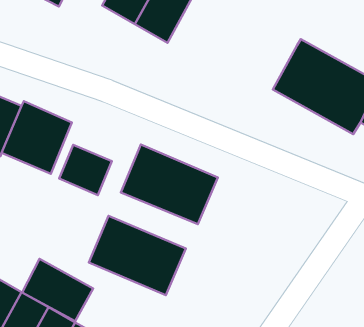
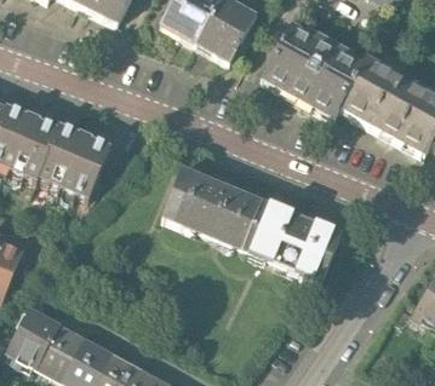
building: none -> [251,22,354,119]
building: [59,145,112,195] -> none
building: [89,216,186,295] -> [251,198,351,281]
building: [22,259,93,321] -> none

